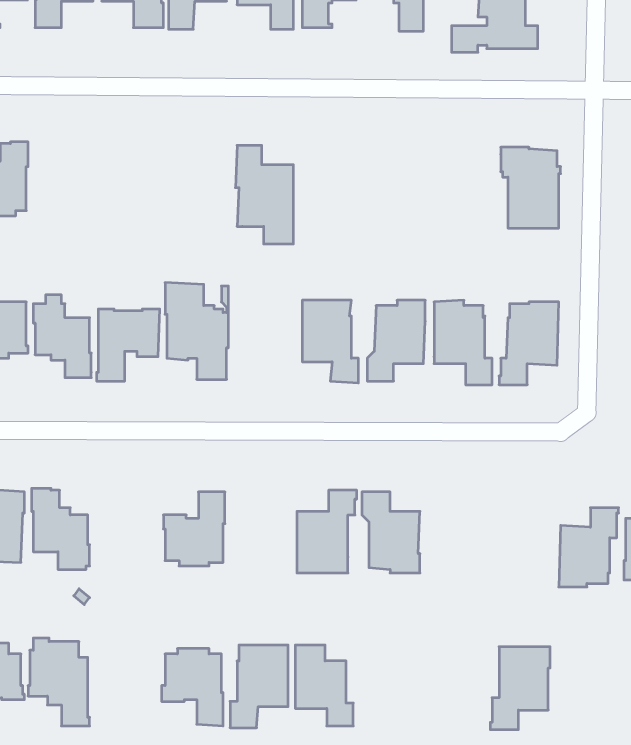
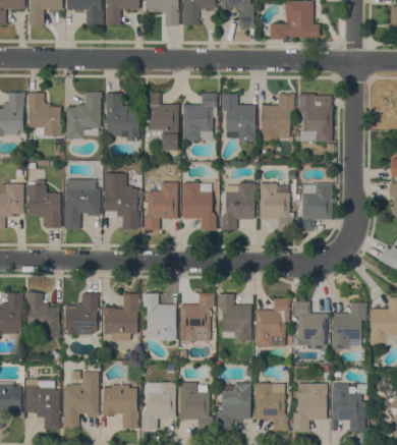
building: none -> [65,92,102,140]
building: none -> [27,93,62,138]
building: none -> [106,93,139,141]
building: none -> [183,93,217,141]
building: none -> [261,93,294,141]
building: none -> [222,94,256,141]
building: none -> [144,181,178,230]
building: none -> [63,293,99,334]
building: none -> [143,293,176,340]
building: none -> [256,298,290,346]
building: none -> [294,300,328,349]
building: none -> [62,372,99,429]
building: none -> [217,383,250,430]
building: none -> [254,383,289,431]
building: none -> [331,383,367,432]

